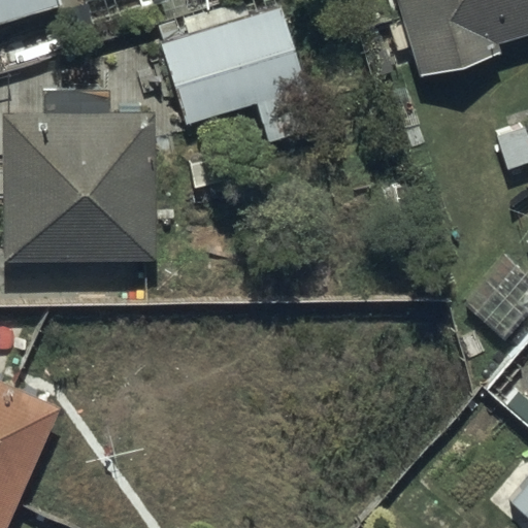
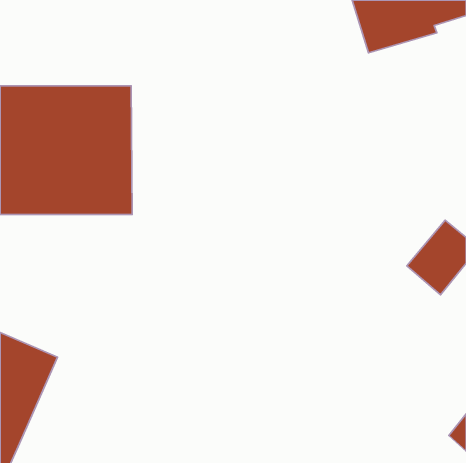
building: [163,12,305,124] -> none

